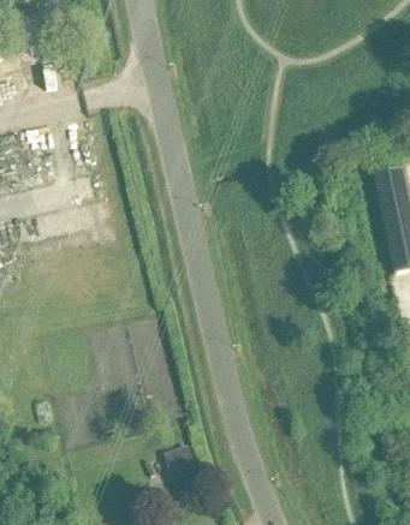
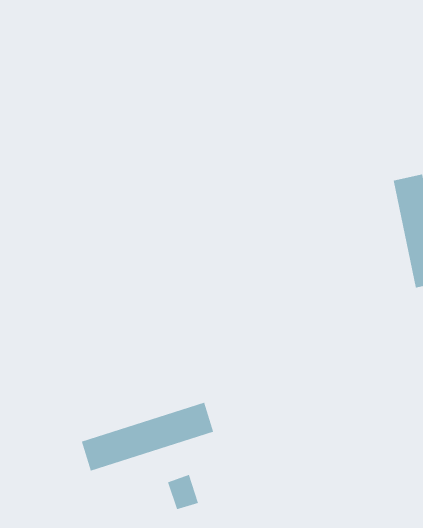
building: none -> [81,402,214,471]

